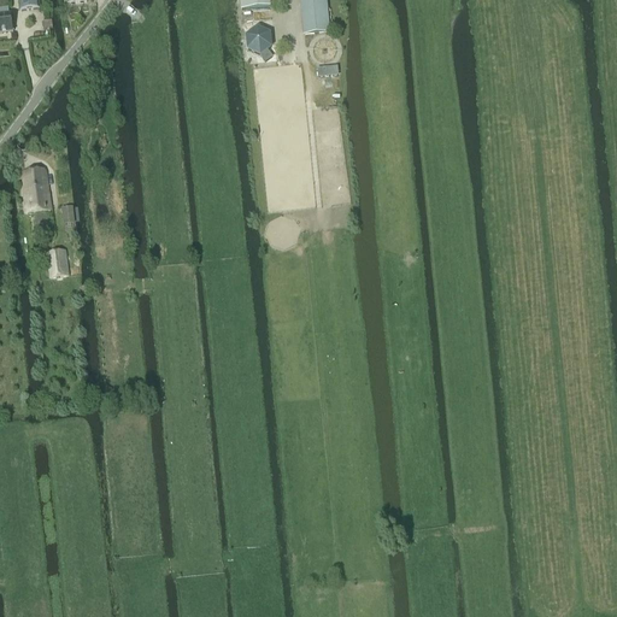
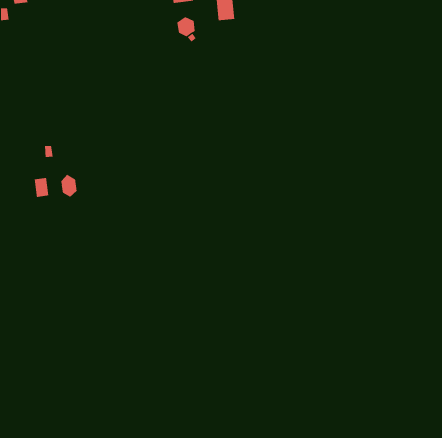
building: [23,166,51,210] -> none
building: none -> [61,174,77,198]

